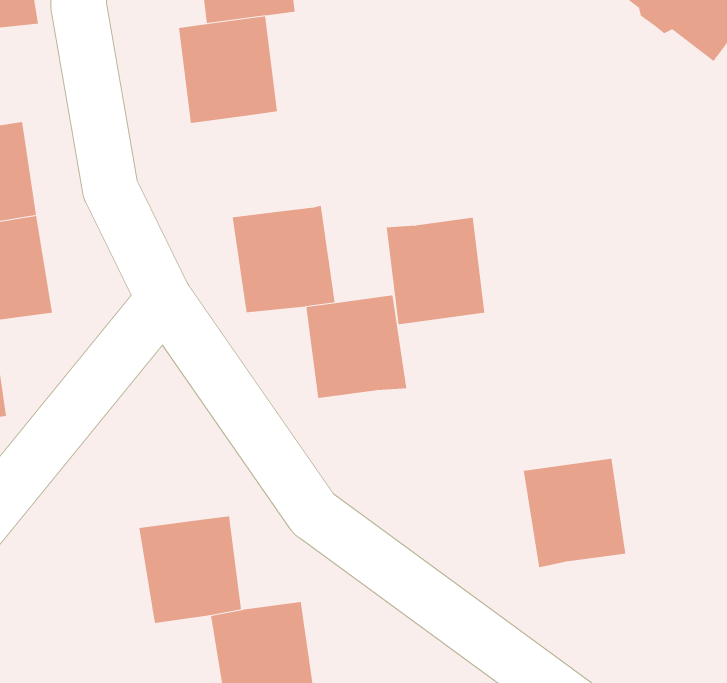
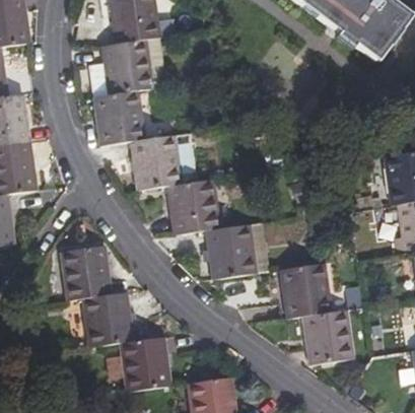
building: none -> [93,88,146,144]
building: [386,217,485,325] -> [204,223,255,278]
building: none -> [61,246,113,300]
building: none -> [300,309,351,363]

